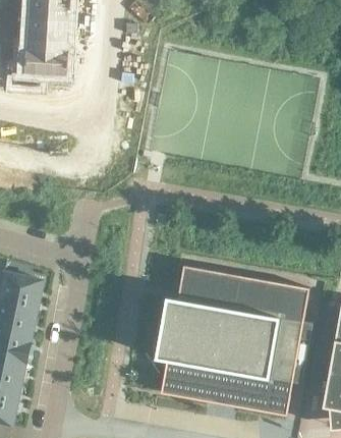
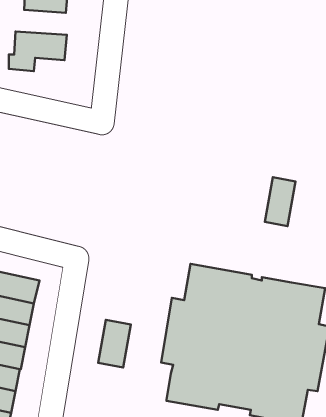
building: [20,29,68,52] -> none
building: none -> [265,177,295,226]
building: none -> [98,320,131,367]

